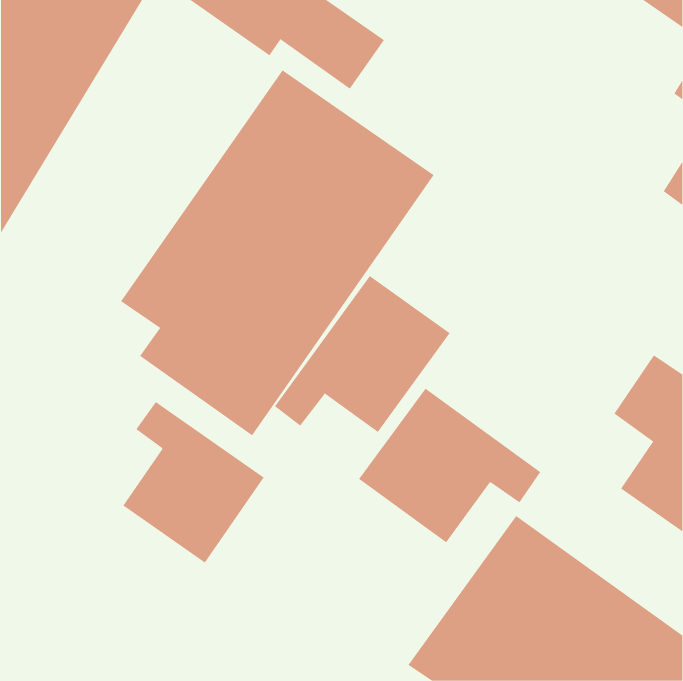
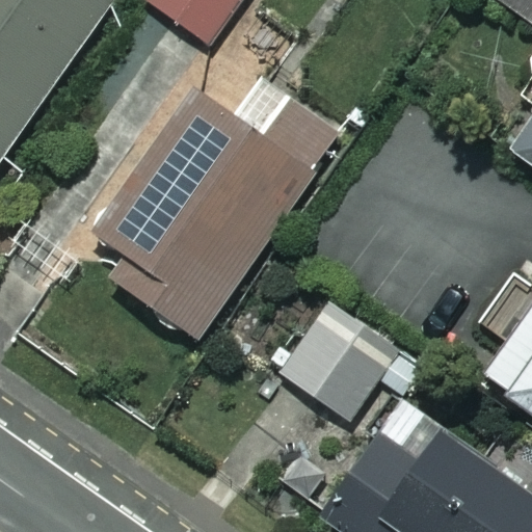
building: [274,275,450,433] -> none
building: [122,401,264,564] -> none

